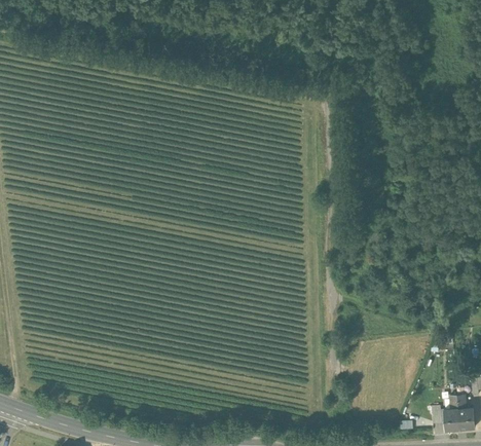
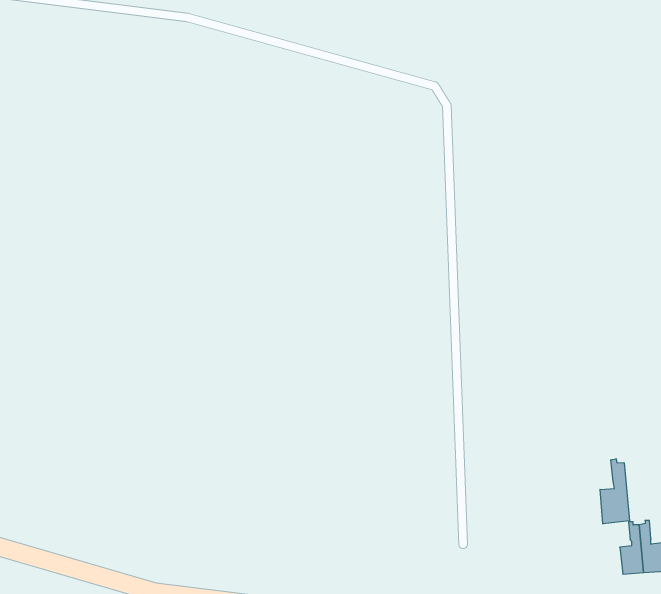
building: none -> [600,459,629,524]

